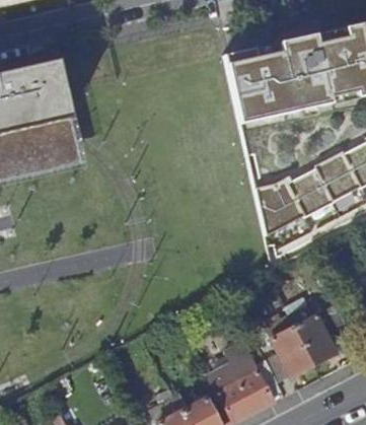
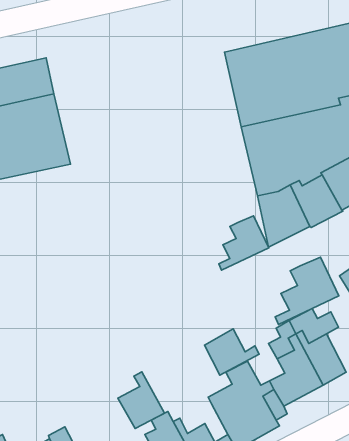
building: none -> [219,216,269,270]
building: none -> [275,257,339,325]
building: none -> [204,329,259,375]
building: none -> [118,372,164,428]

